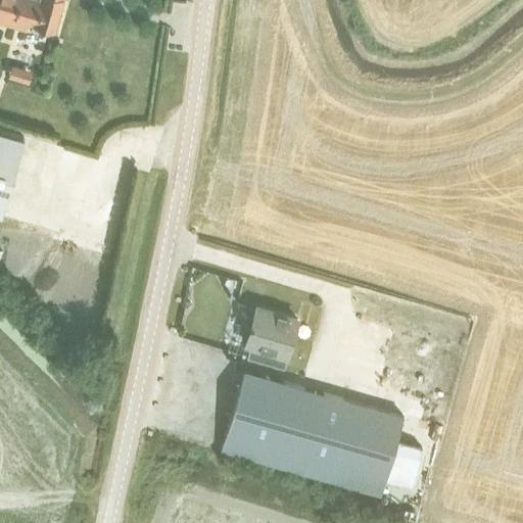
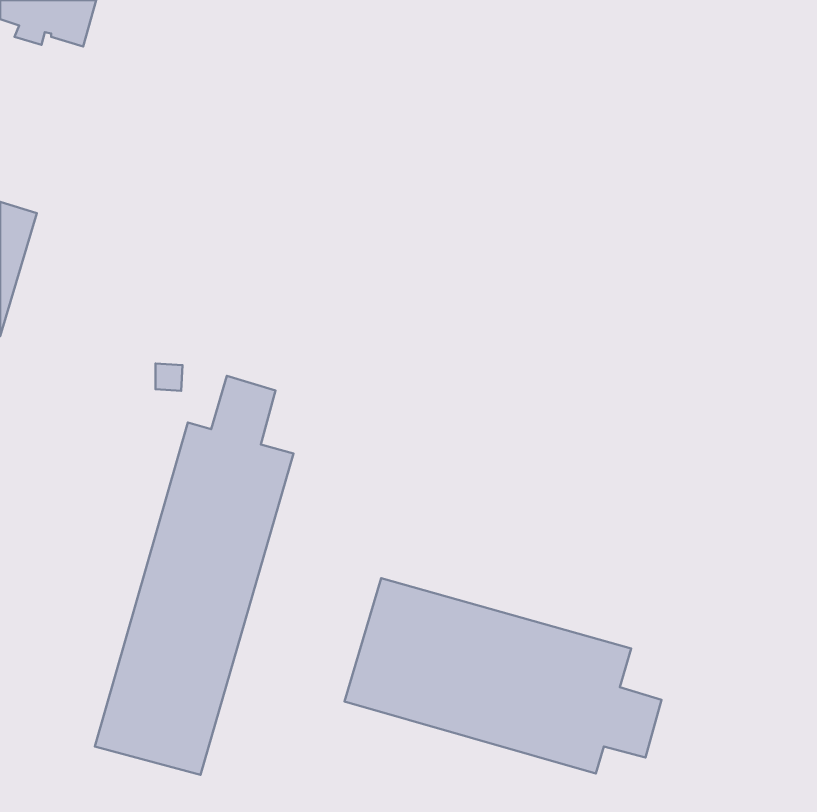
building: none -> [95,376,293,775]
building: [246,310,298,369] -> none

